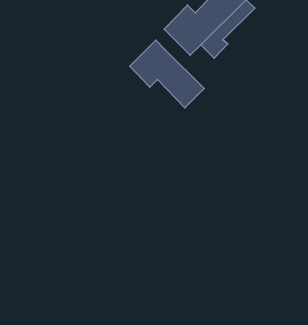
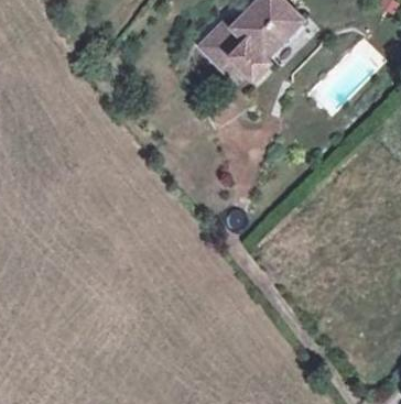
building: [130,40,204,108] -> none

